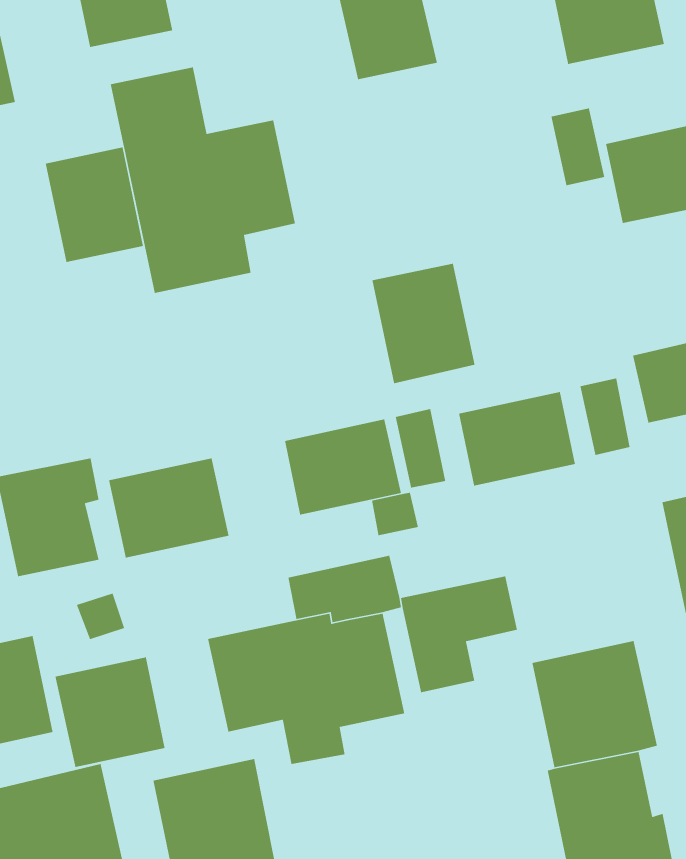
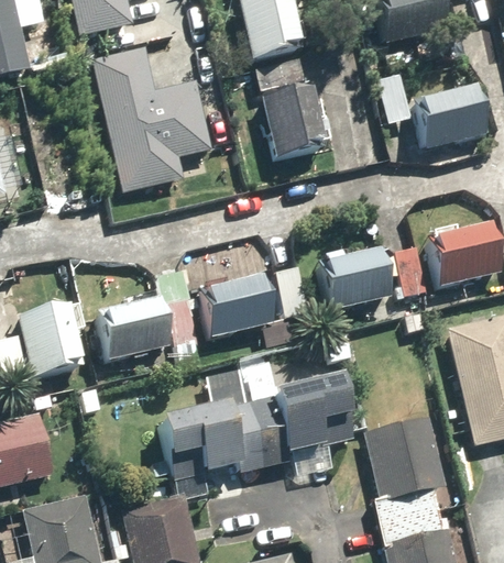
building: [45,147,144,263] -> none
building: [371,263,476,384] -> [260,81,327,159]
building: [55,656,165,768] -> none

